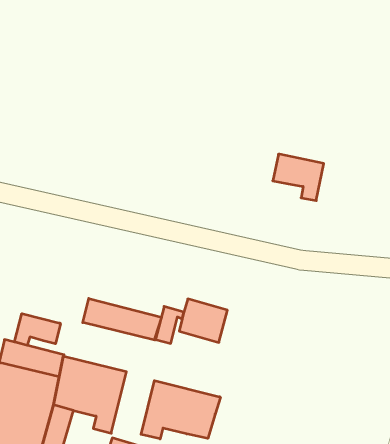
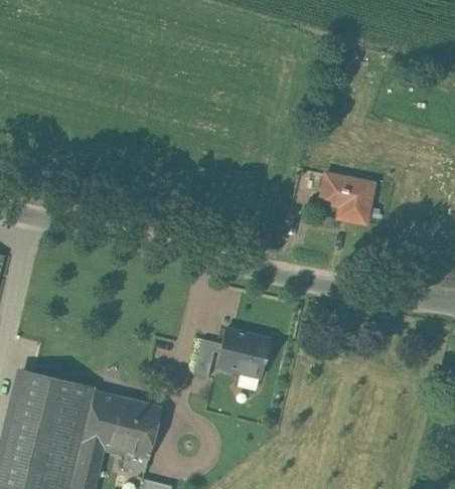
building: [83,298,161,340] -> none
building: [15,314,60,345] -> none
building: [141,381,220,439] -> none

